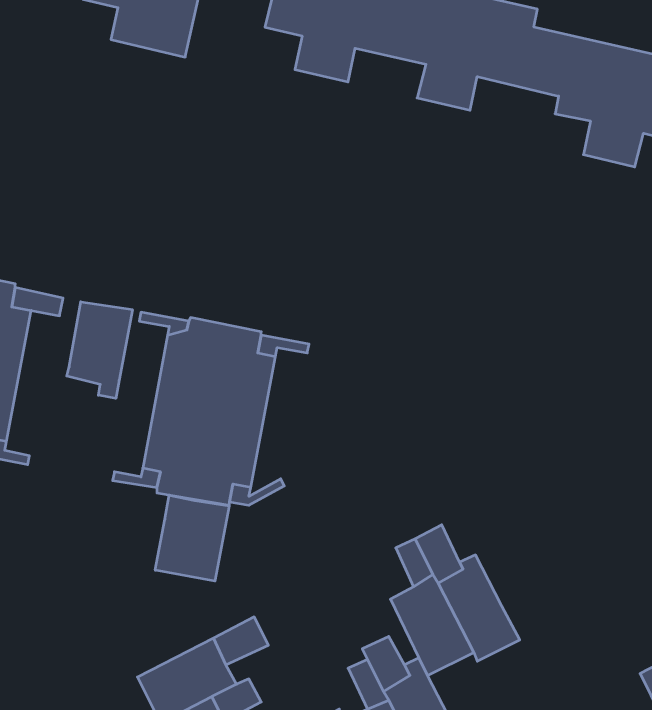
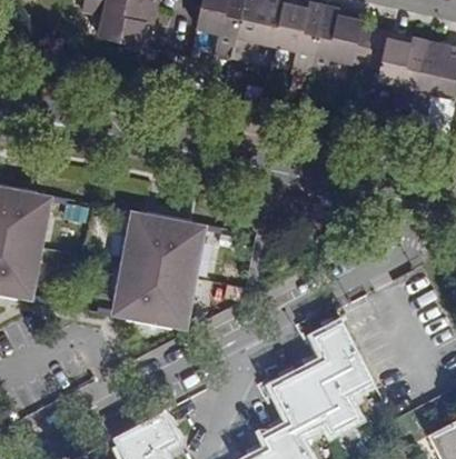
building: [67,302,132,398] -> none
building: [155,495,229,581] -> none
building: none -> [318,325,370,392]

